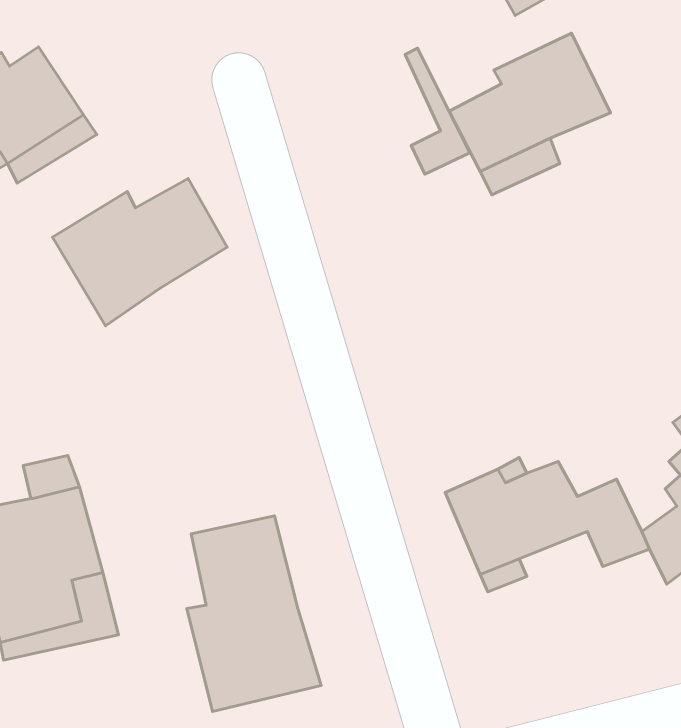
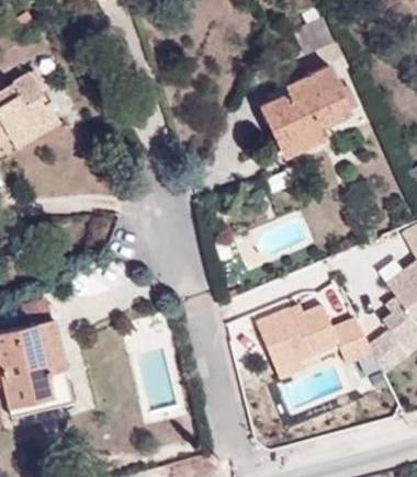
building: [405,48,470,174] -> none
building: [52,178,227,326] -> none
building: [187,516,321,711] -> none

